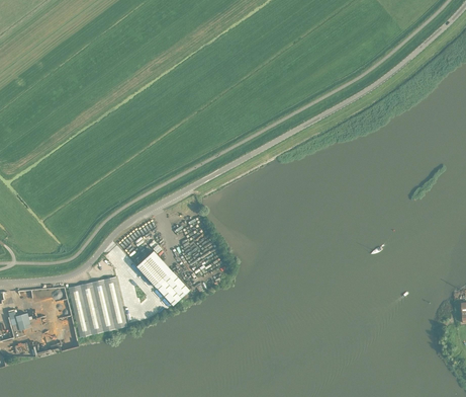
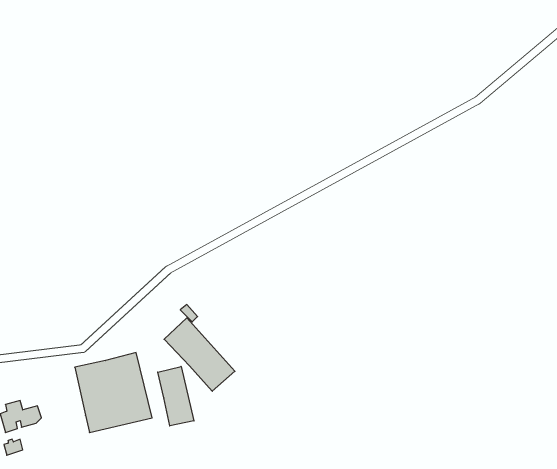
building: none -> [158,366,194,426]

